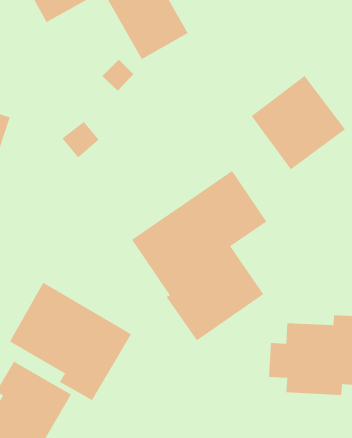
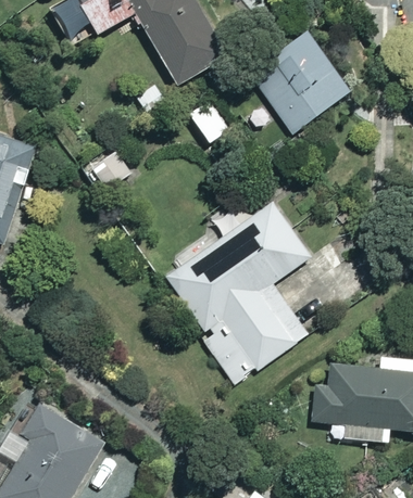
building: [251,75,346,170] -> [250,31,351,132]
building: [9,282,132,401] -> none

